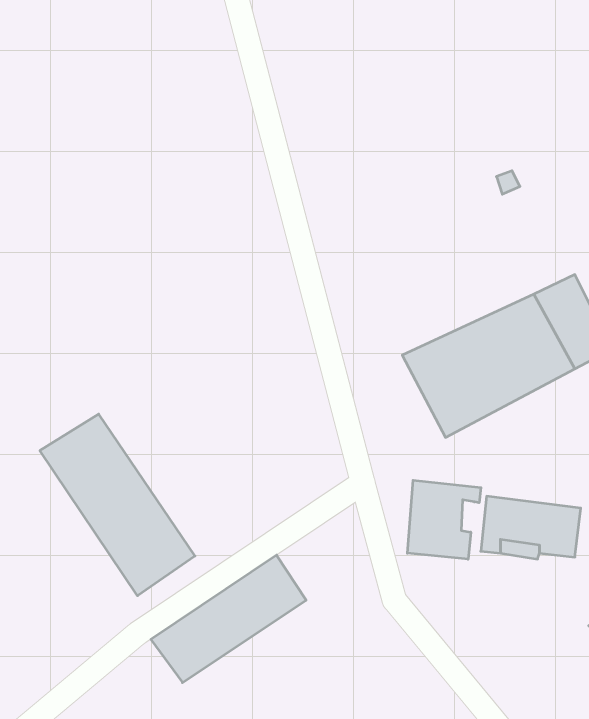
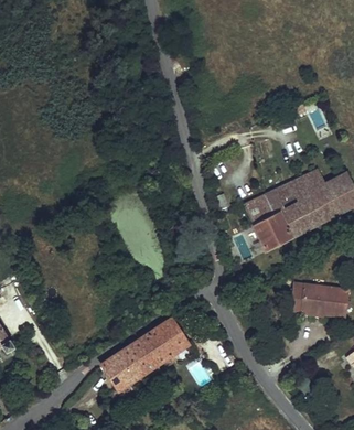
building: [40,414,195,596] -> none
building: [407,480,481,559] -> none

